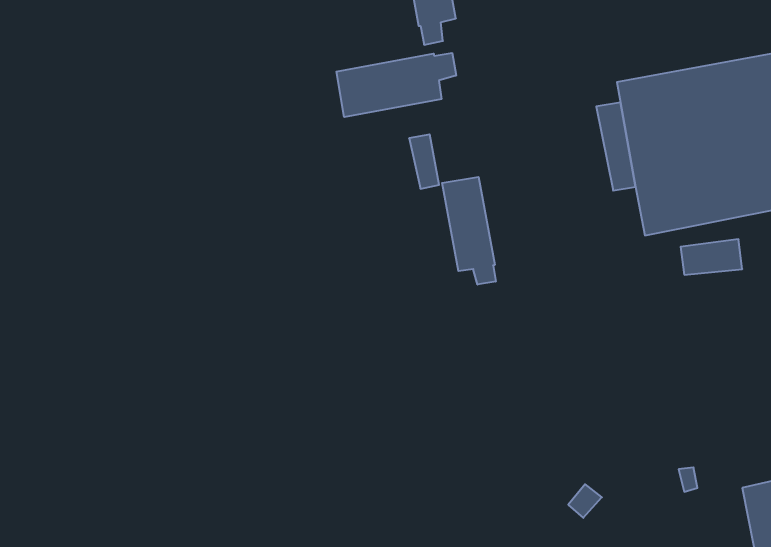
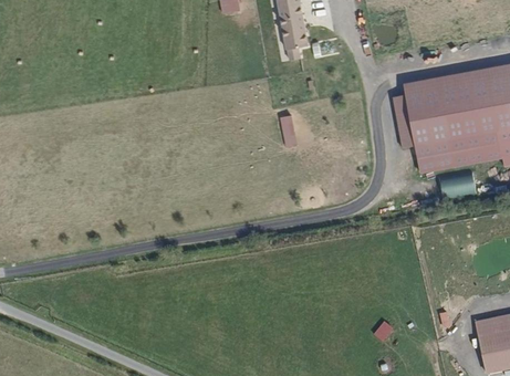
building: [336,53,456,117] -> none
building: [442,177,496,285] -> none

